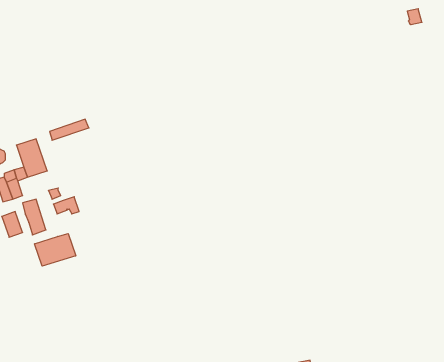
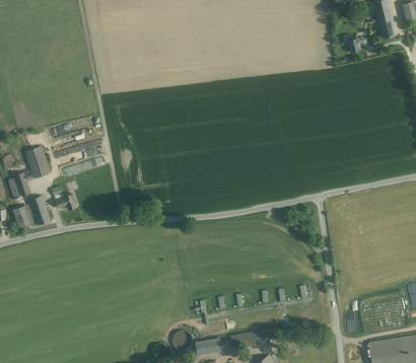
building: [35,234,76,266] -> none

